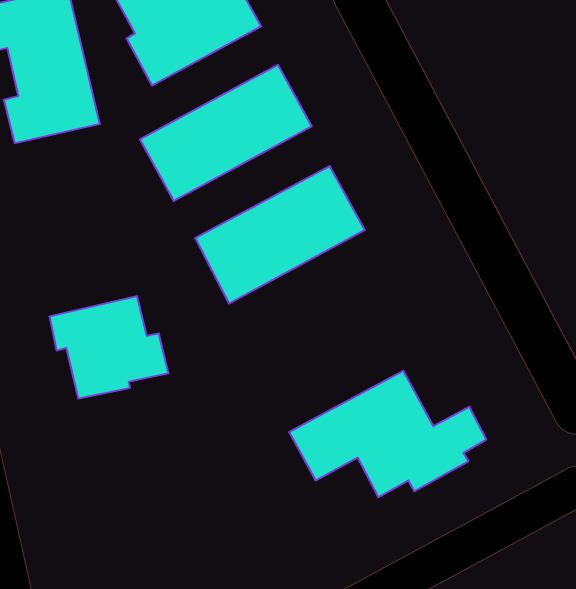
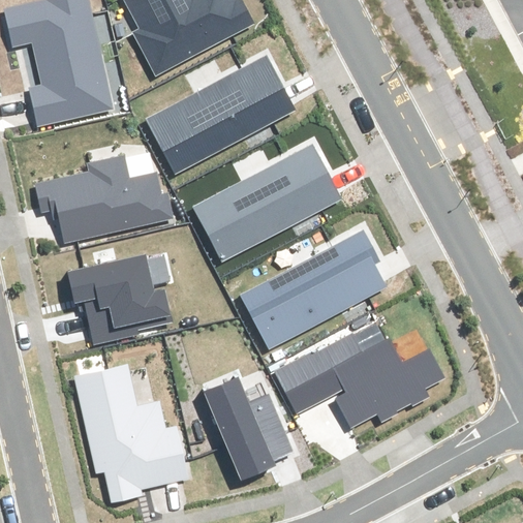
building: none -> [35,155,173,242]
building: none -> [242,232,384,348]
building: none -> [73,365,188,502]
building: none -> [204,378,290,480]

